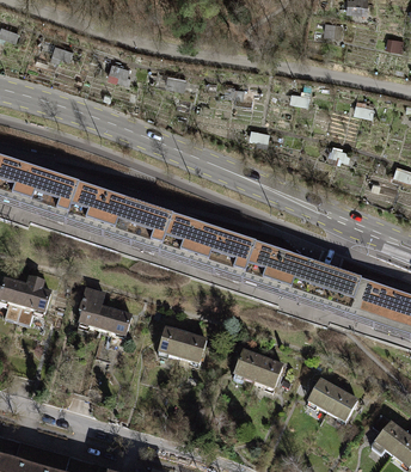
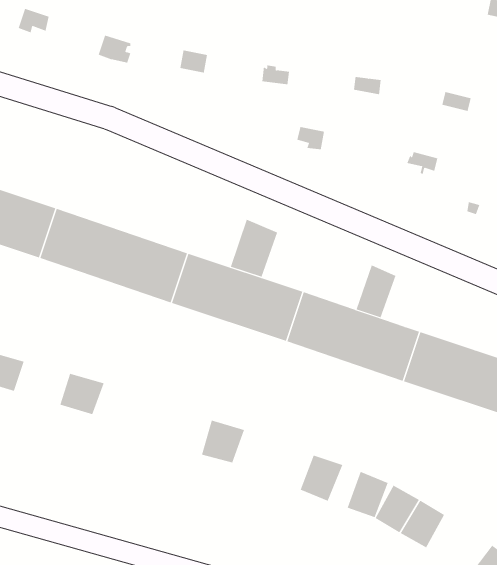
building: none -> [230,219,278,278]
building: none -> [356,264,396,318]
building: [104,305,136,336] -> none
building: [159,324,189,356] -> none
building: [232,348,262,381] -> [347,471,388,518]

